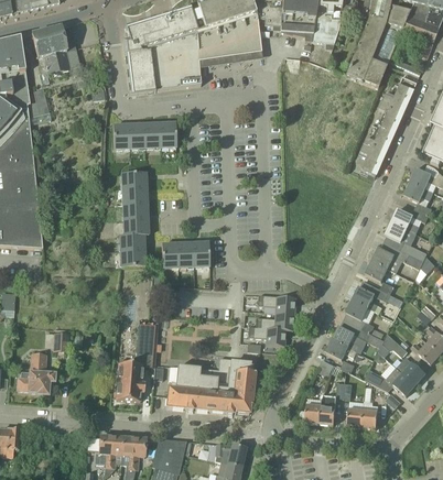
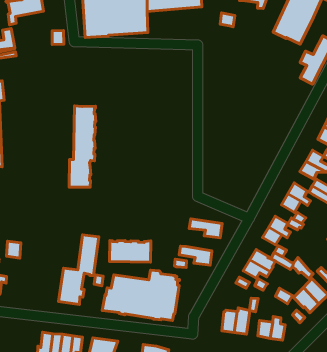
building: [112,122,176,149] -> none
building: [359,126,393,175] -> none
building: [161,241,209,268] -> [109,240,151,262]
building: [259,314,298,331] -> none

